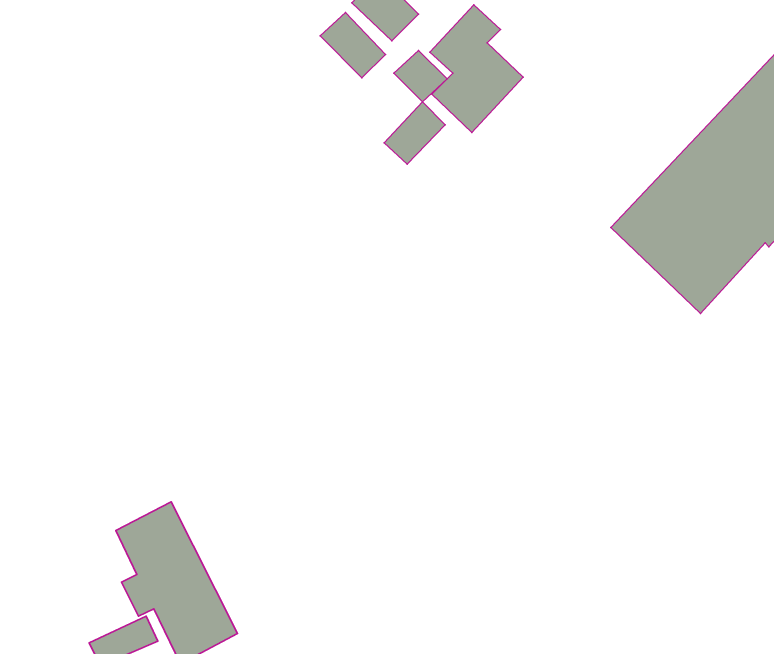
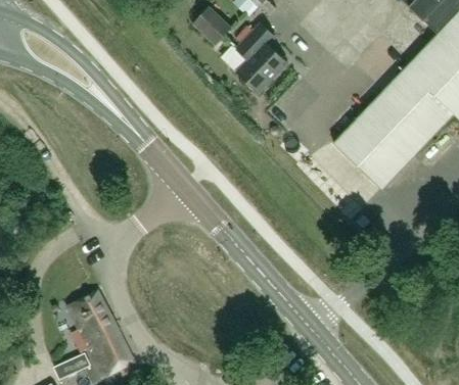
building: [320,13,385,78] -> none
building: [384,102,445,164] -> none

